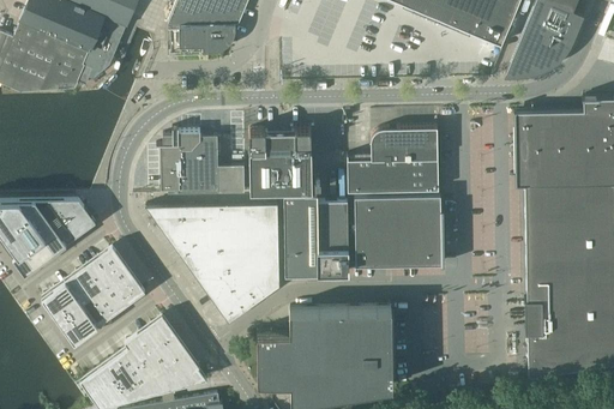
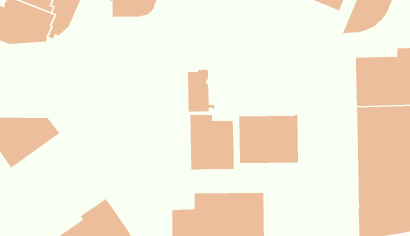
building: [347,126,438,191] -> none
building: [156,127,245,193] -> none
building: [248,128,281,191] -> none
building: [146,203,278,320] -> none
building: [41,245,145,341] -> none

